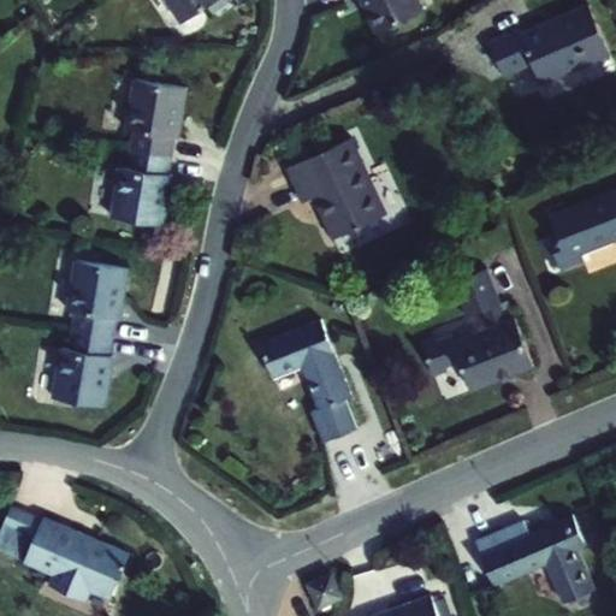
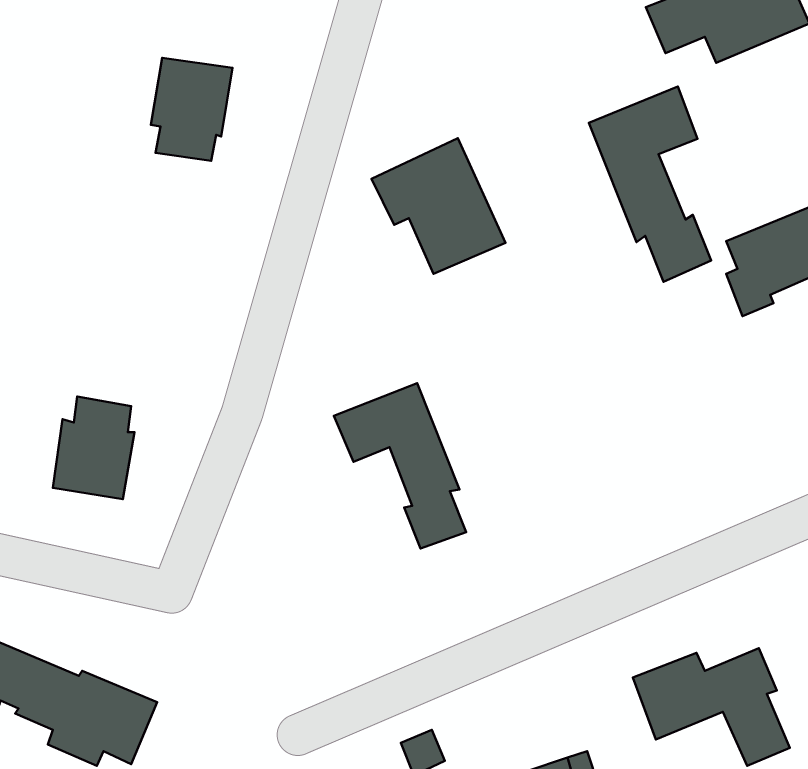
building: none -> [589,86,711,282]
building: [111,152,171,227] -> none
building: [66,261,128,338] -> none
building: [422,271,534,392] -> none

